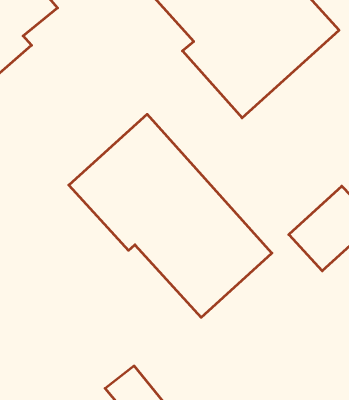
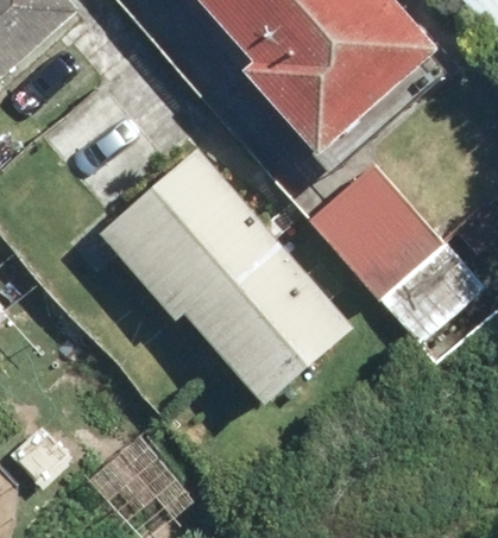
building: none -> [288,157,442,300]

